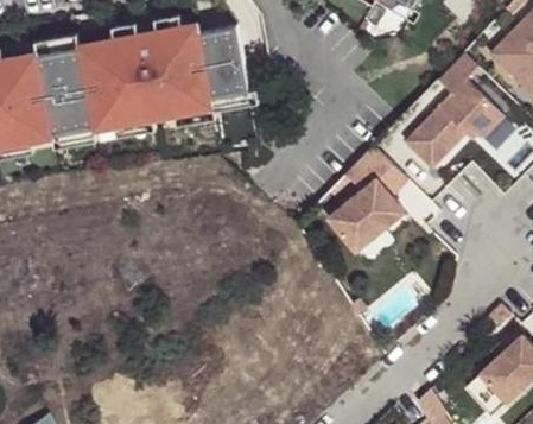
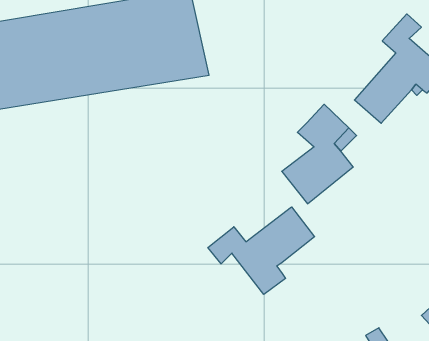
building: none -> [208,207,315,294]

